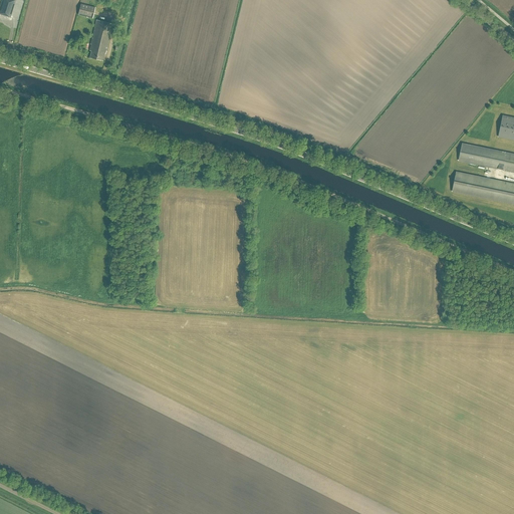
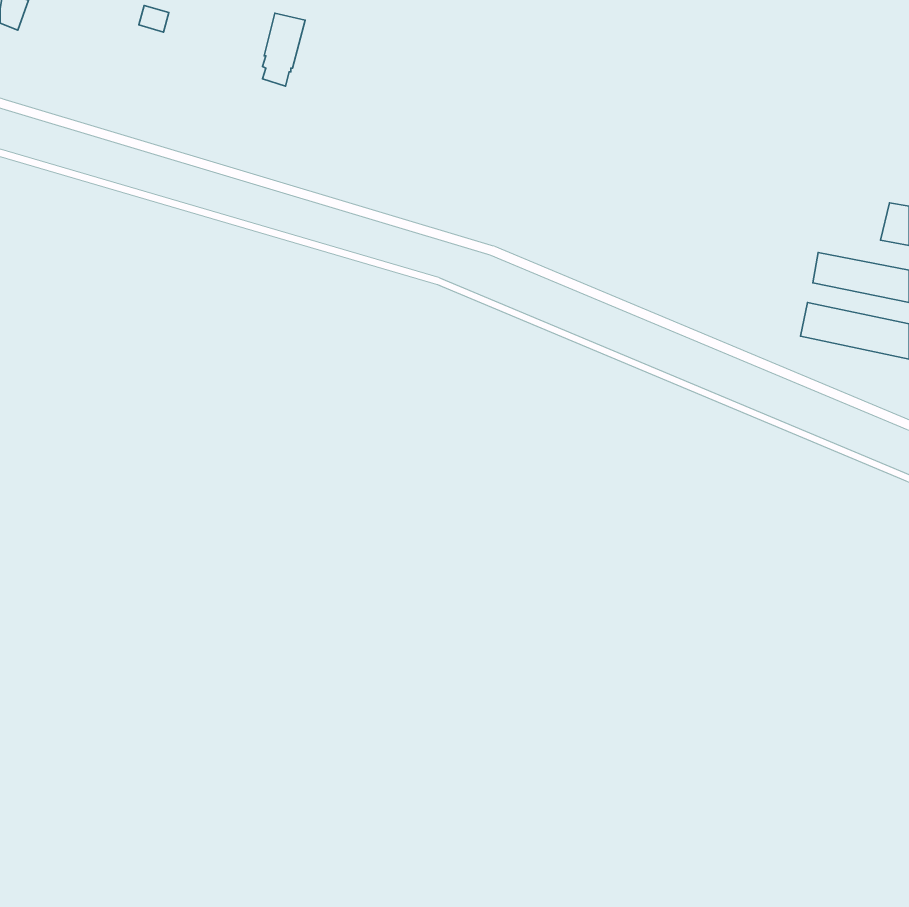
building: [89,19,113,60] -> [262,13,305,86]

